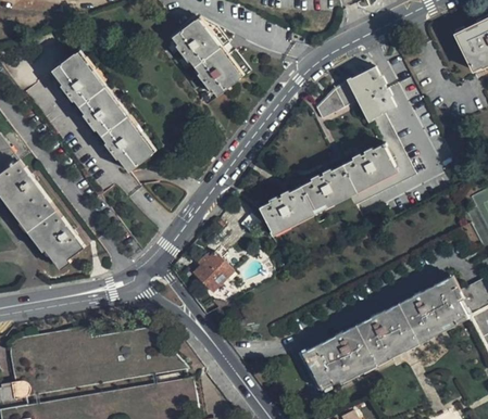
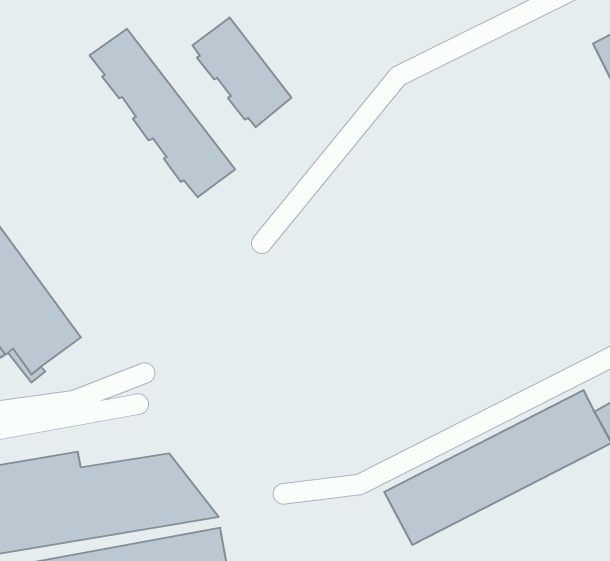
building: [52,52,154,170] -> [90,29,235,197]
building: [256,65,413,233] -> none
building: [191,251,234,294] -> none

